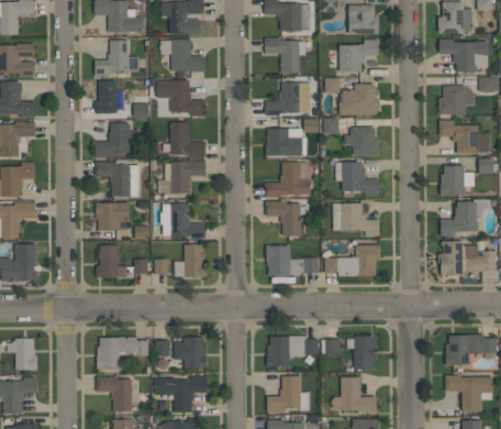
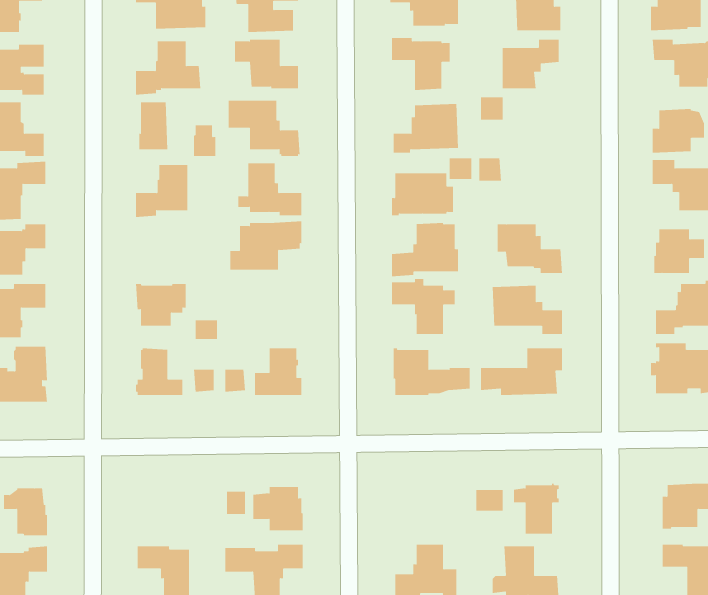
building: [339,85,380,116] -> none
building: [345,128,380,156] -> none
building: [96,160,140,197] -> none
building: [160,204,205,239] -> none
building: [267,337,320,367] -> none
building: [97,338,149,370] -> none

